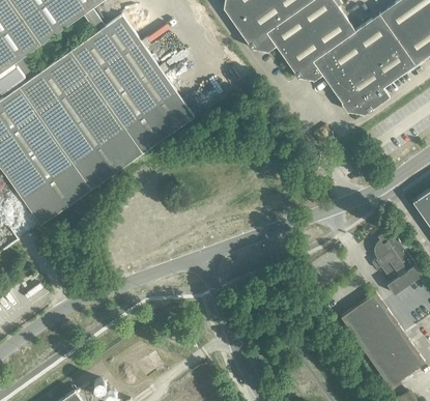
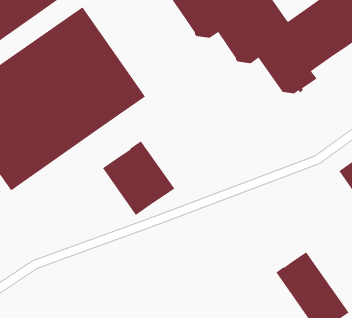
building: none -> [102,141,175,216]
building: [370,229,423,295] -> none

